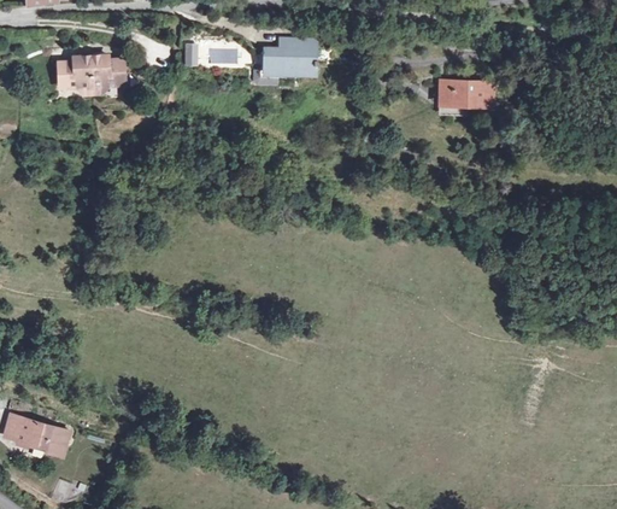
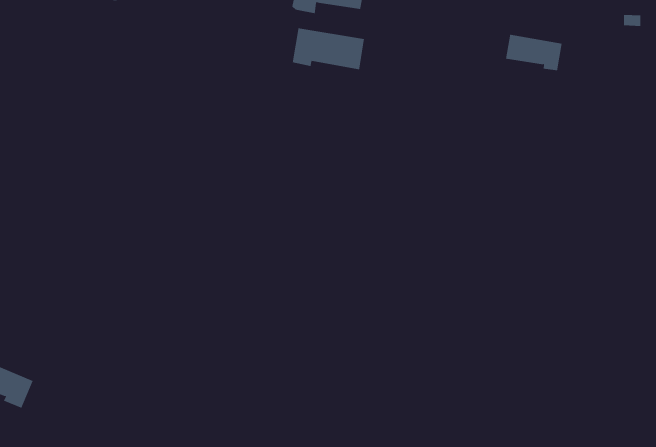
building: none -> [292,28,364,70]

